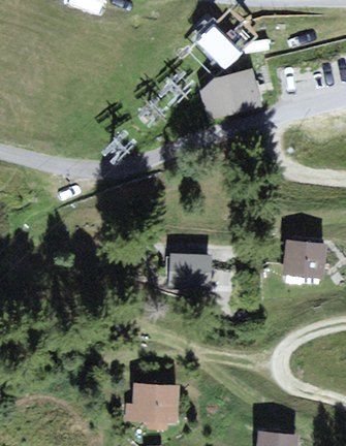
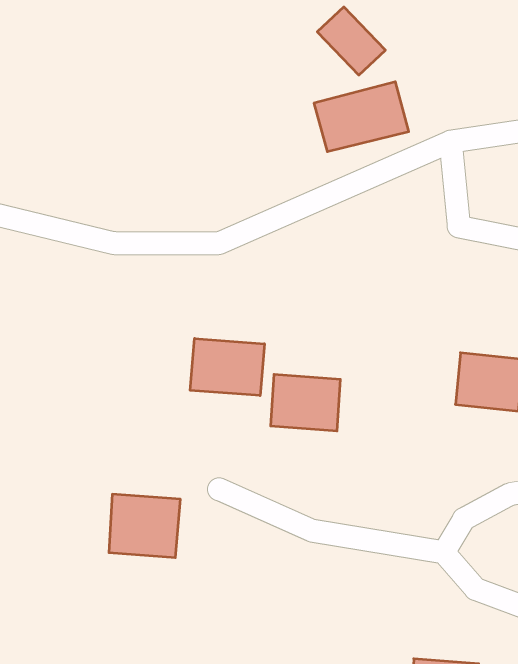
building: none -> [190,338,264,396]
building: [128,383,172,422] -> [109,494,180,558]

